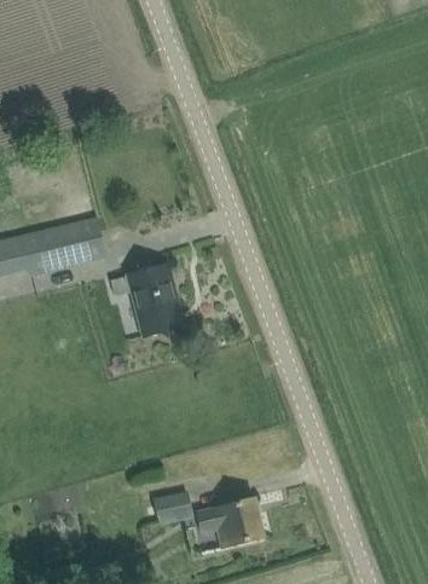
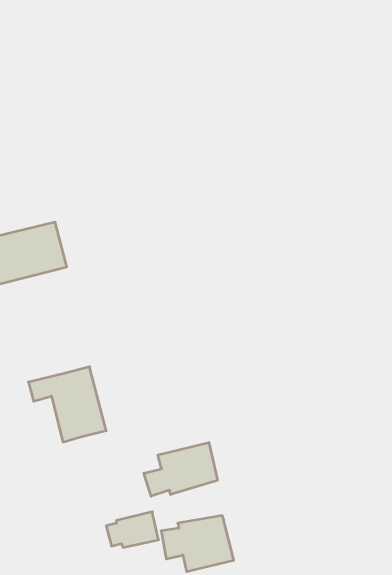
building: [108,265,181,336] -> [28,367,106,442]
building: none -> [144,442,217,496]

